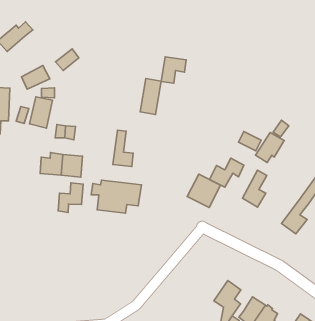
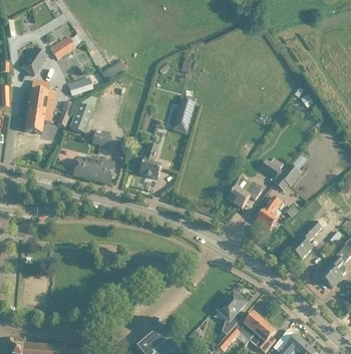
building: [161,57,186,83] -> none
building: [187,174,221,207] -> none
building: [91,180,141,213] -> none
building: [58,183,83,213] -> none

